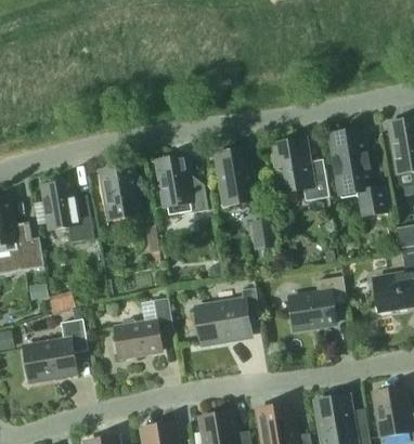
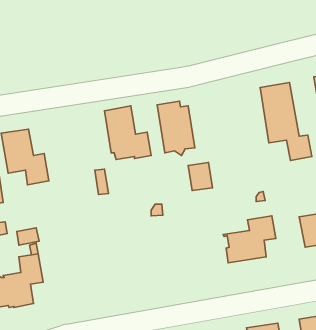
building: [271,140,327,201] -> none
building: [100,166,141,217] -> none
building: [194,276,259,343] -> none
building: [113,298,172,357] -> none

